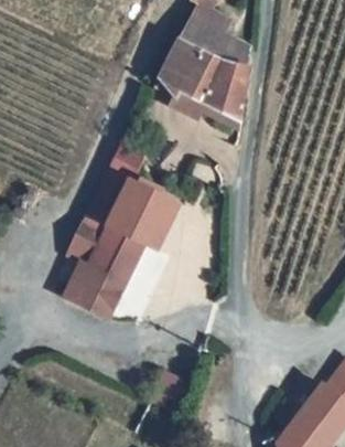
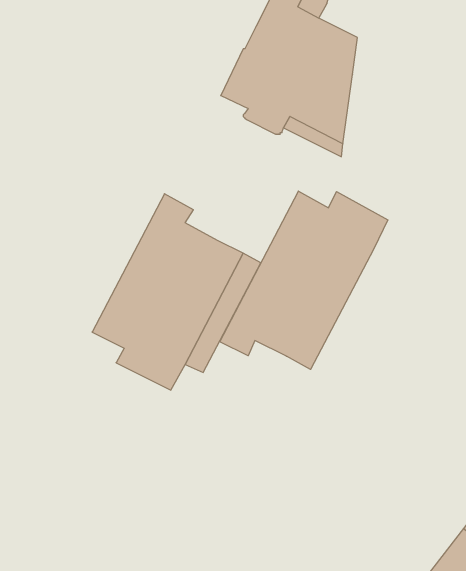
building: none -> [220,191,388,369]
building: [73,272,122,315] -> none

